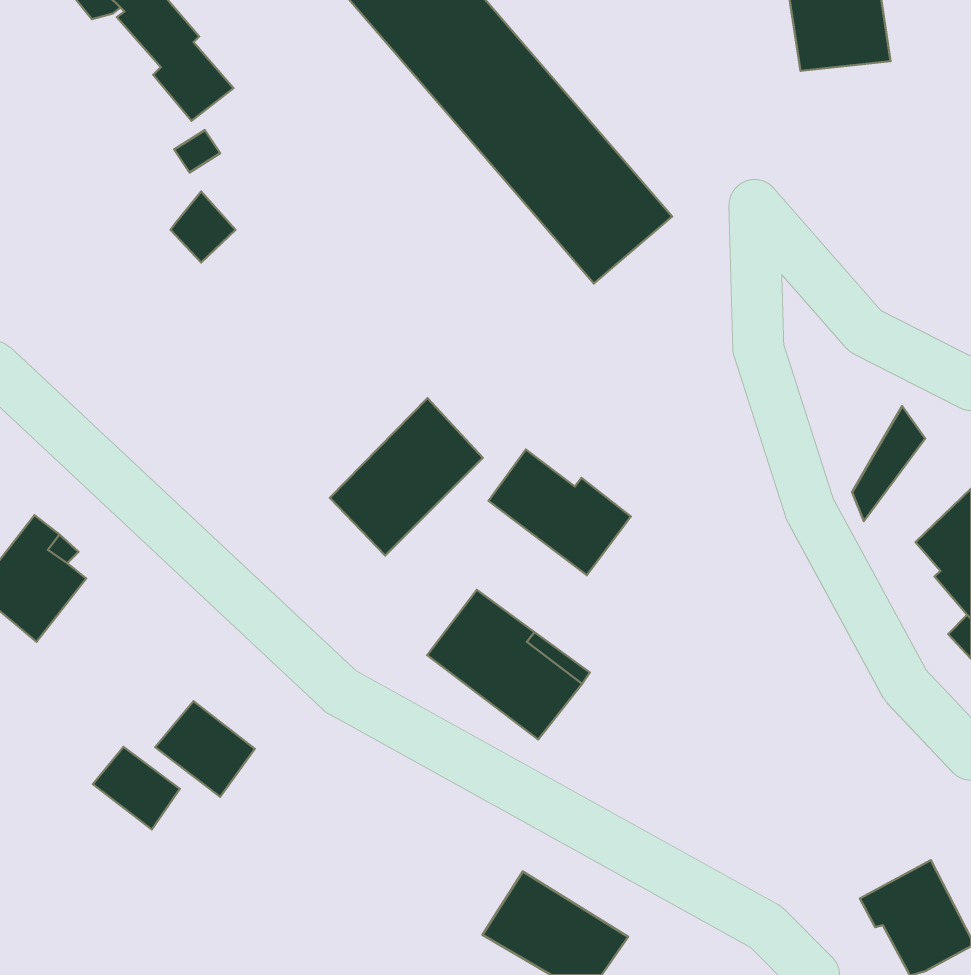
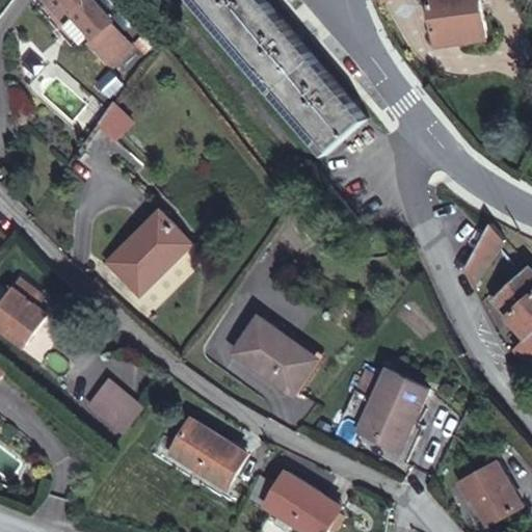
building: [330,398,483,555] -> [107,210,190,295]
building: [489,449,631,575] -> none
building: none -> [355,370,429,449]
building: [93,747,180,829] -> none
building: none -> [170,419,246,487]

